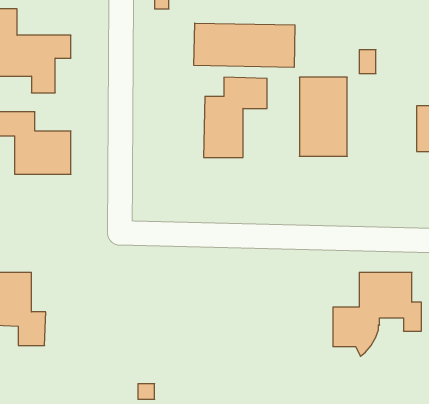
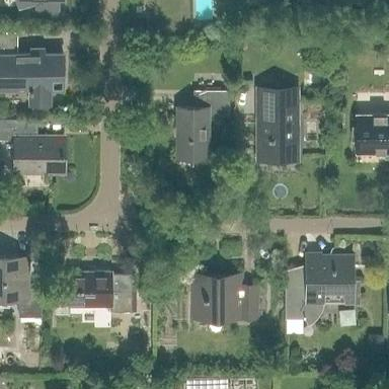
building: [194,23,295,67] -> none
building: none -> [69,273,133,313]
building: none -> [193,277,257,318]

